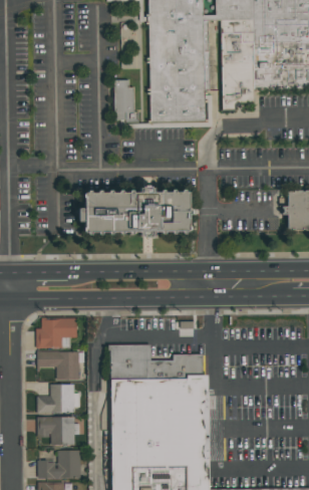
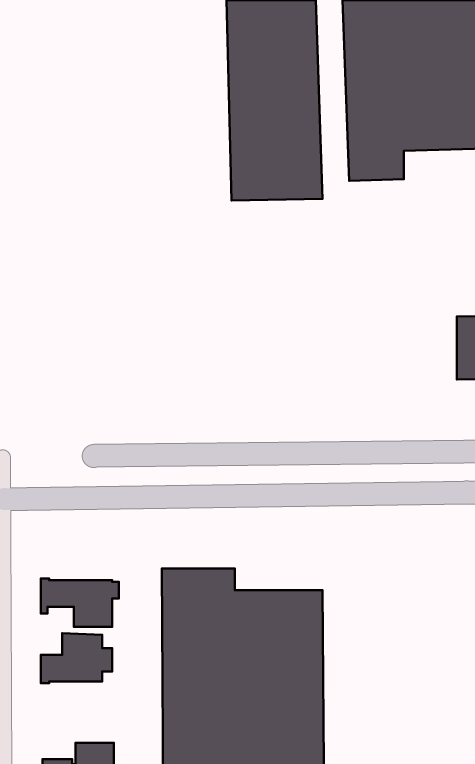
building: [113,80,137,122] -> none
building: [85,194,191,233] -> none
building: [35,317,76,348] -> none
building: [36,417,73,445] -> none

